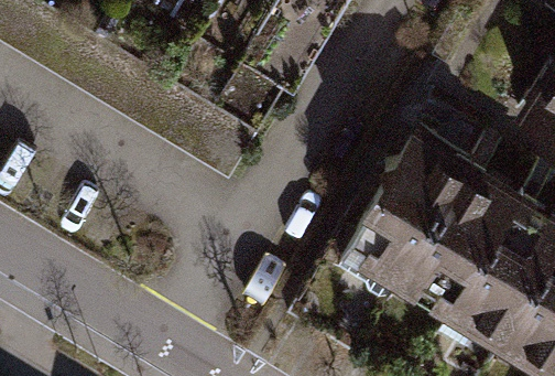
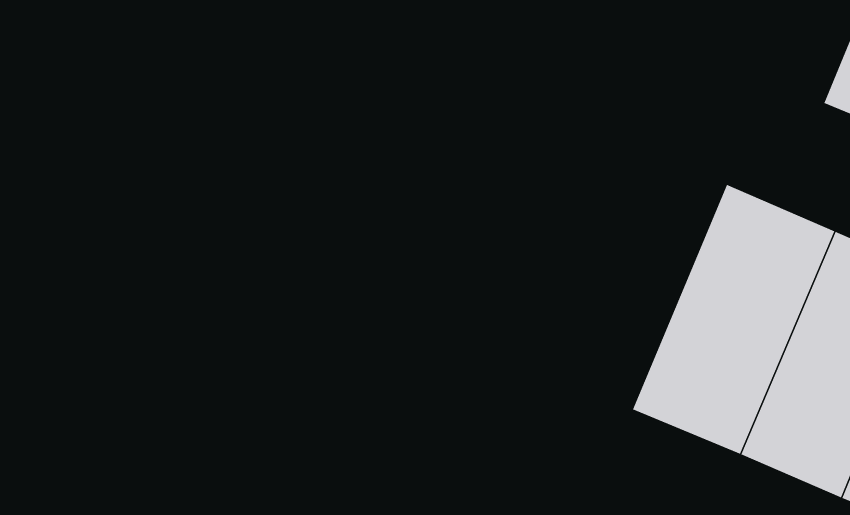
building: [336,133,461,289] -> none

